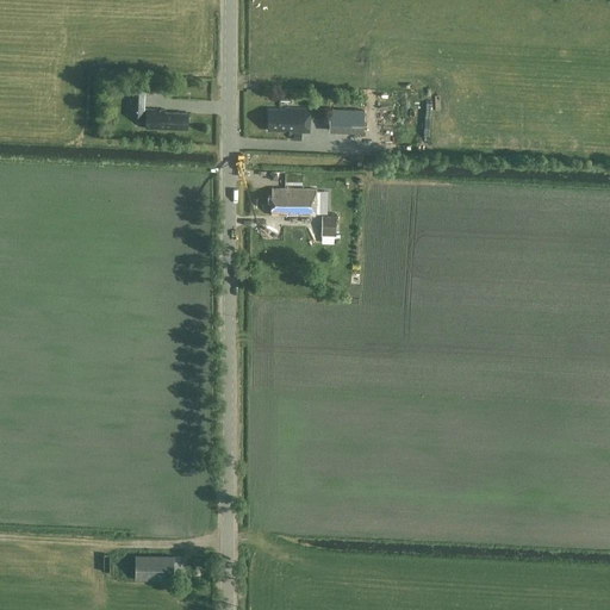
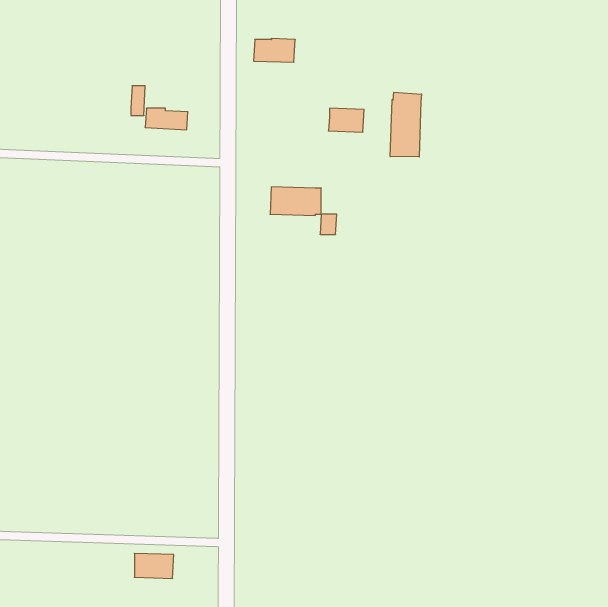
building: none -> [390,92,421,157]
building: [268,107,310,131] -> [254,38,295,62]

